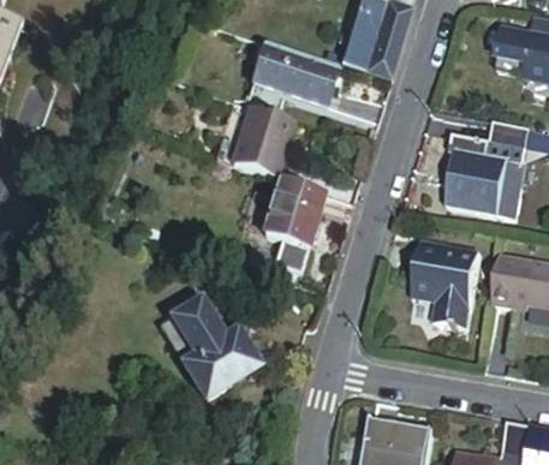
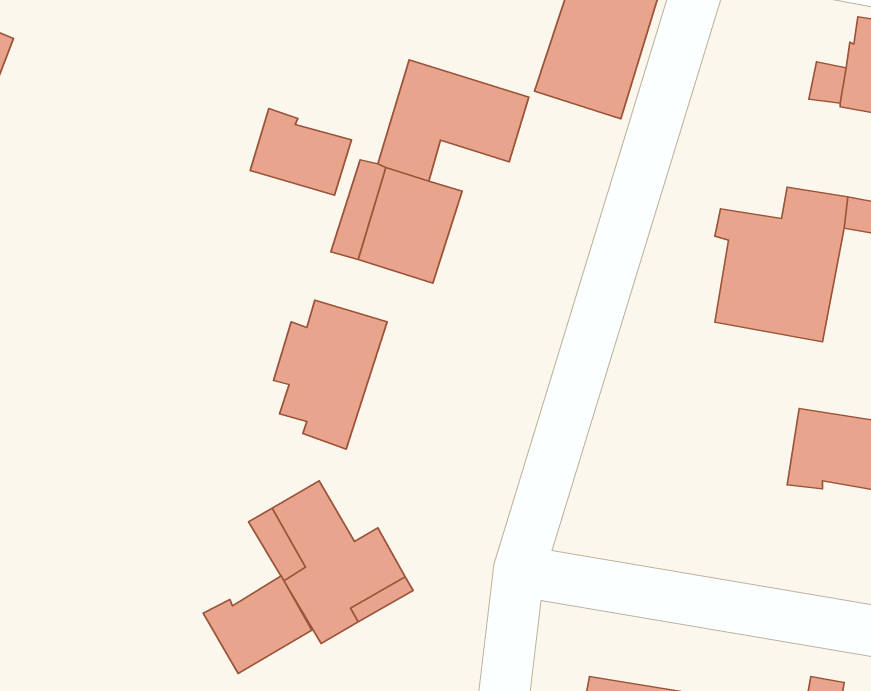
building: none -> [250,109,352,195]
building: [256,180,326,272] -> [274,300,387,449]
building: [412,240,478,327] -> none
building: none -> [203,576,312,673]

